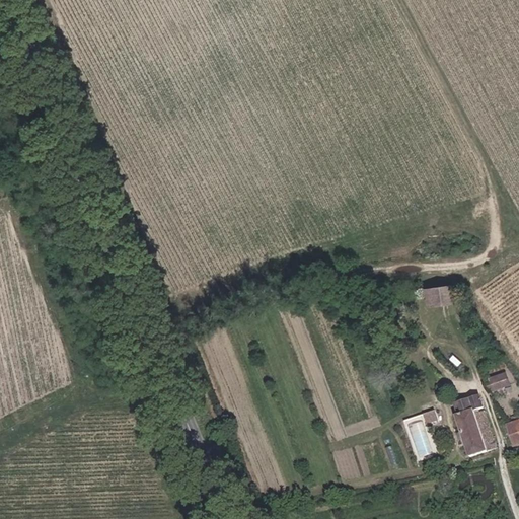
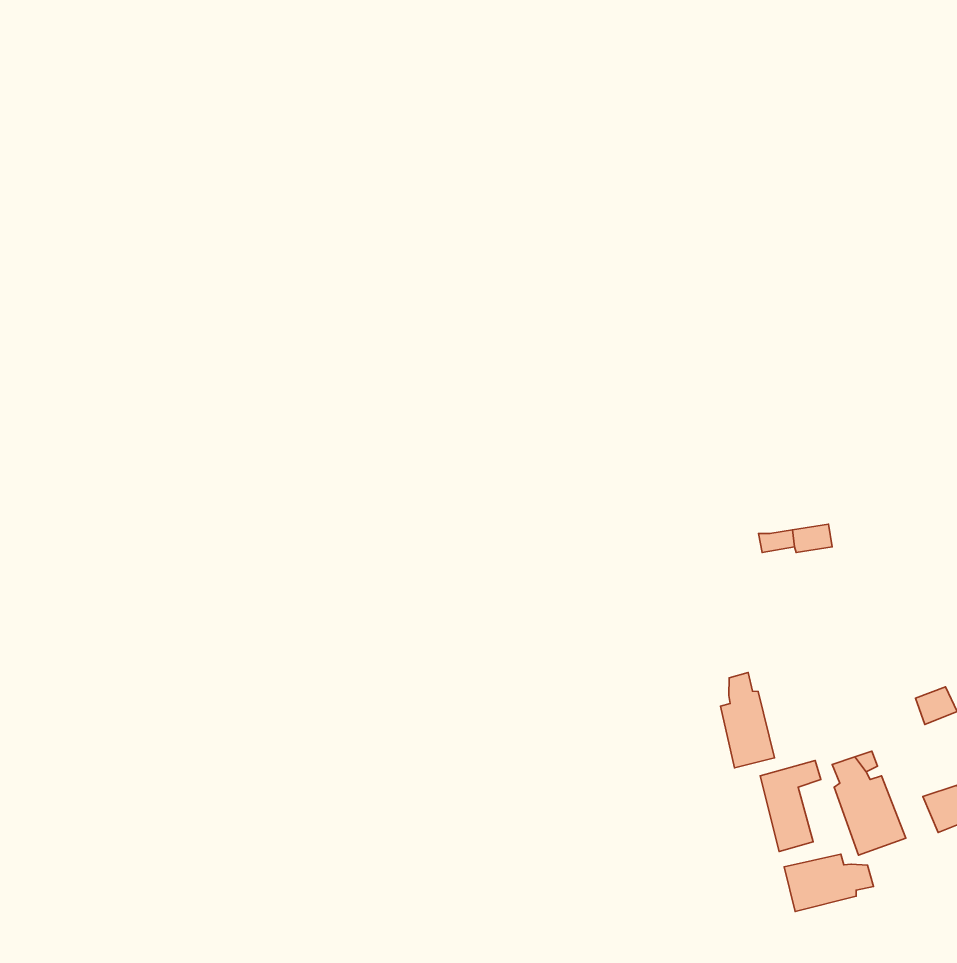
building: none -> [721,672,775,768]
building: none -> [784,854,873,912]

